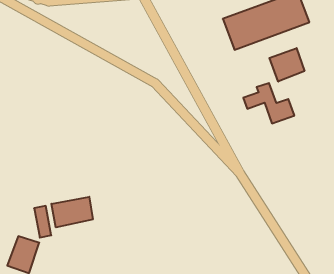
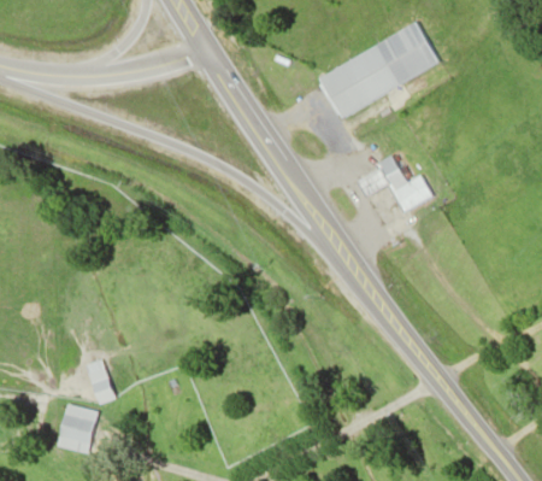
building: [269,48,304,82] -> none
building: [51,197,93,227] -> none

